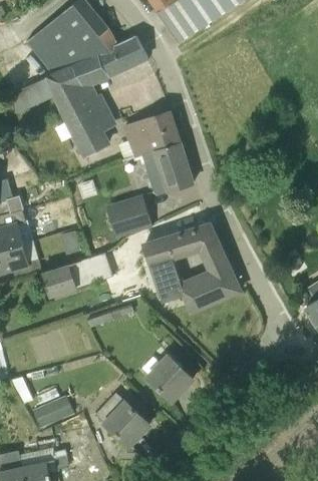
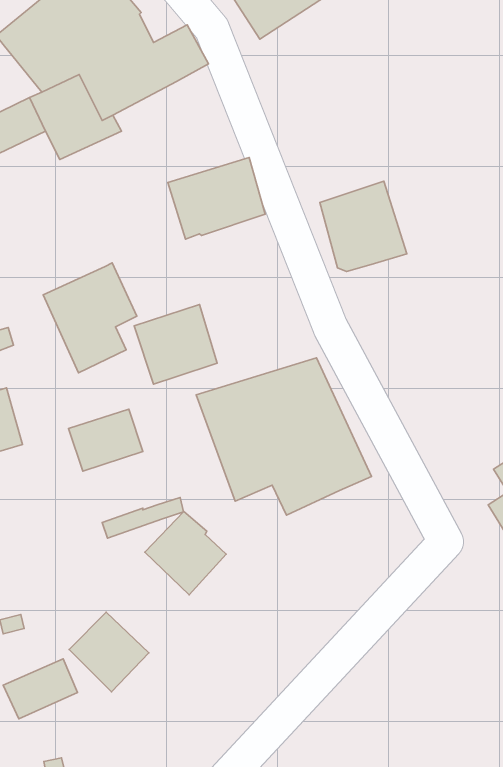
building: [63,93,116,155] -> [43,263,137,373]
building: [143,142,193,193] -> [320,181,407,271]
building: [43,264,76,296] -> none
building: [146,354,193,401] -> [145,512,226,595]
building: [104,401,149,446] -> [69,612,149,692]

